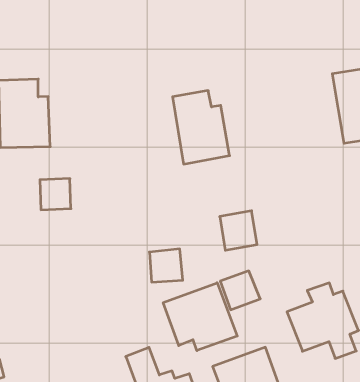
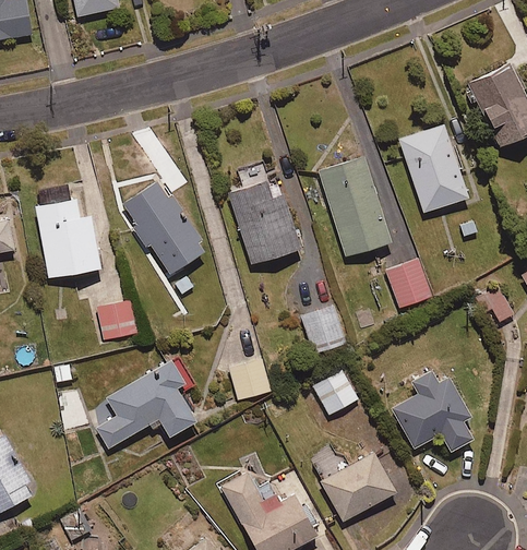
building: none -> [122,181,203,275]
building: none -> [318,156,392,258]
building: none -> [386,260,432,309]
building: none -> [95,360,196,450]
building: [163,283,237,351] -> none

